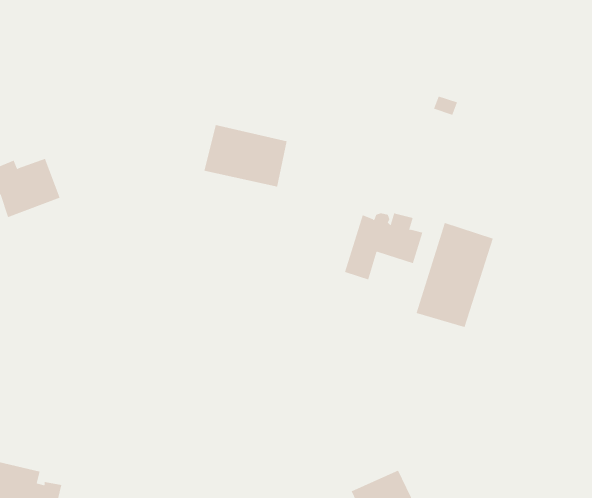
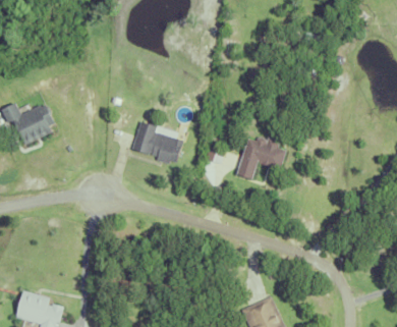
building: [204,125,288,187] -> [136,124,188,163]
building: [416,222,494,328] -> none

